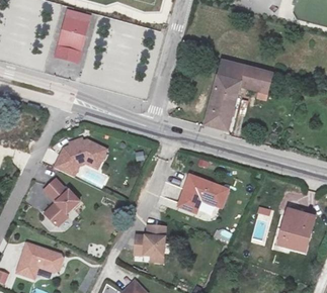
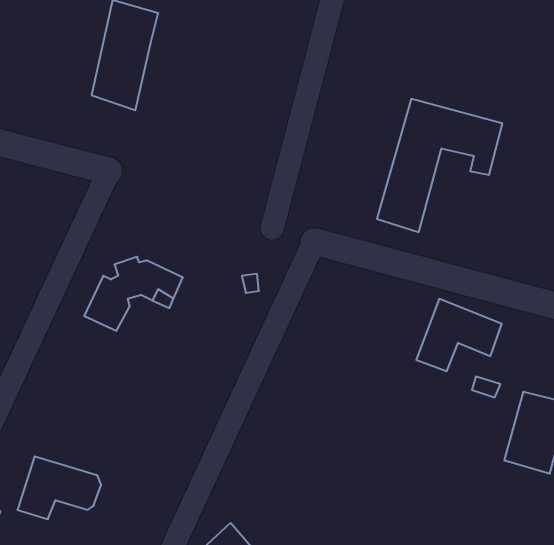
building: [179,173,225,211] -> [416,299,502,371]
building: [46,178,81,224] -> none
building: [134,224,164,261] -> none

